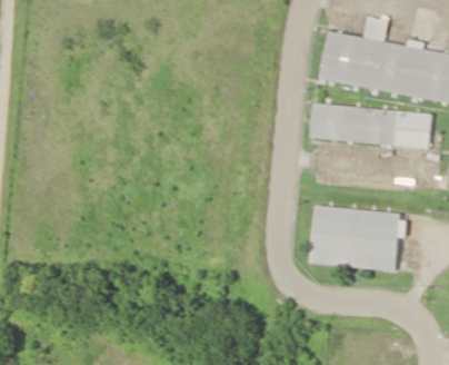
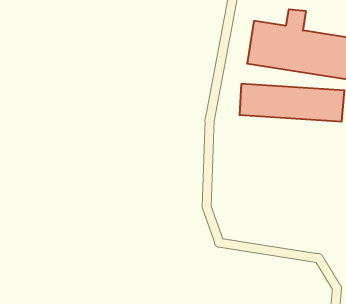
building: [310,207,406,272] -> none

